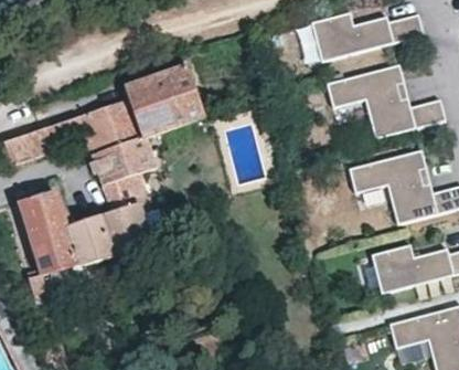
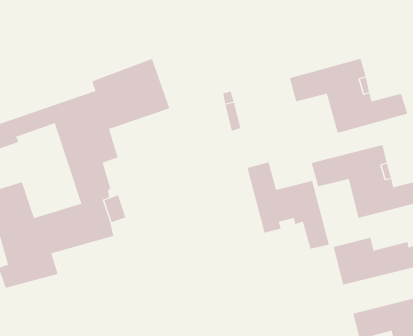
building: [310,13,423,62] -> none
building: none -> [247,162,329,249]

